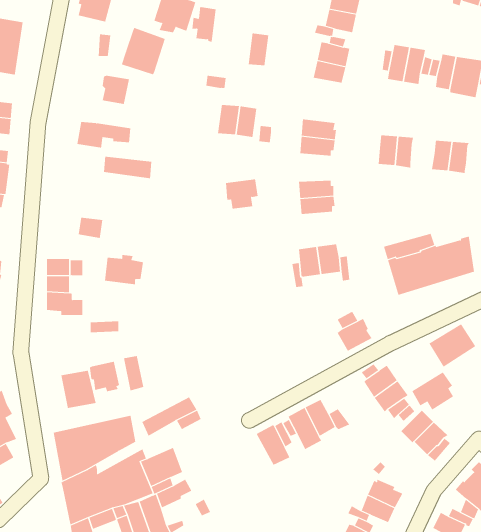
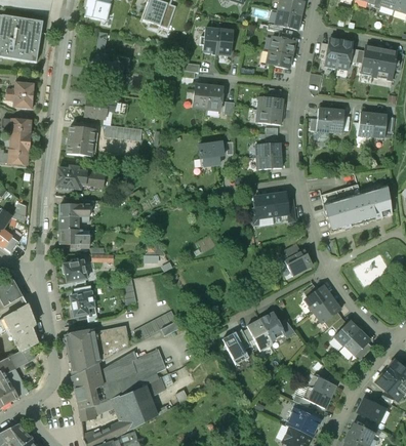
building: [191,7,217,42] -> [199,27,218,54]
building: [121,27,165,75] -> none
building: none -> [66,126,94,156]
building: [104,254,144,285] -> [55,165,86,189]
building: [89,361,120,392] -> [63,259,86,283]
building: [411,372,454,410] -> none

